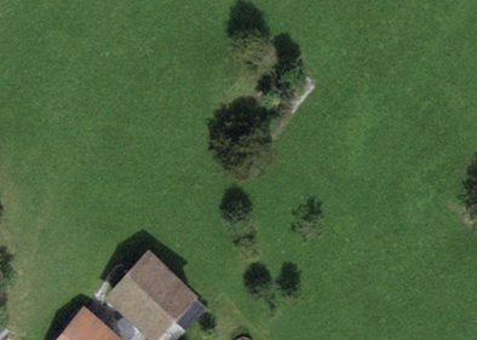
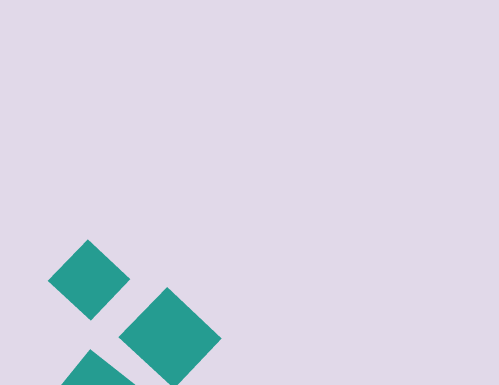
building: none -> [47,238,131,322]

